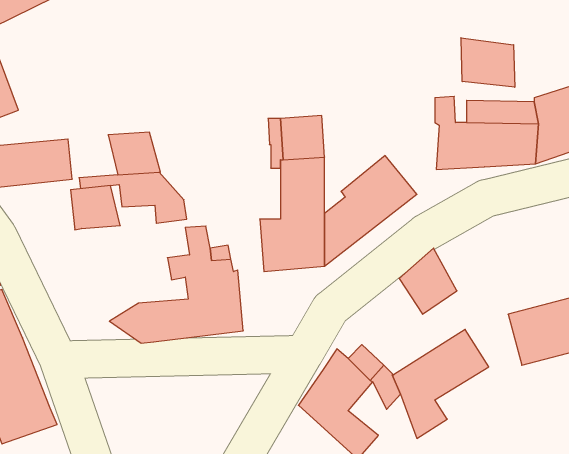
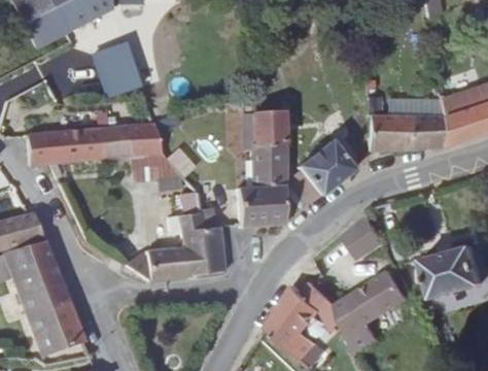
building: none -> [95,42,140,96]
building: [461,38,515,87] -> none
building: [71,186,120,230] -> [94,125,131,158]

